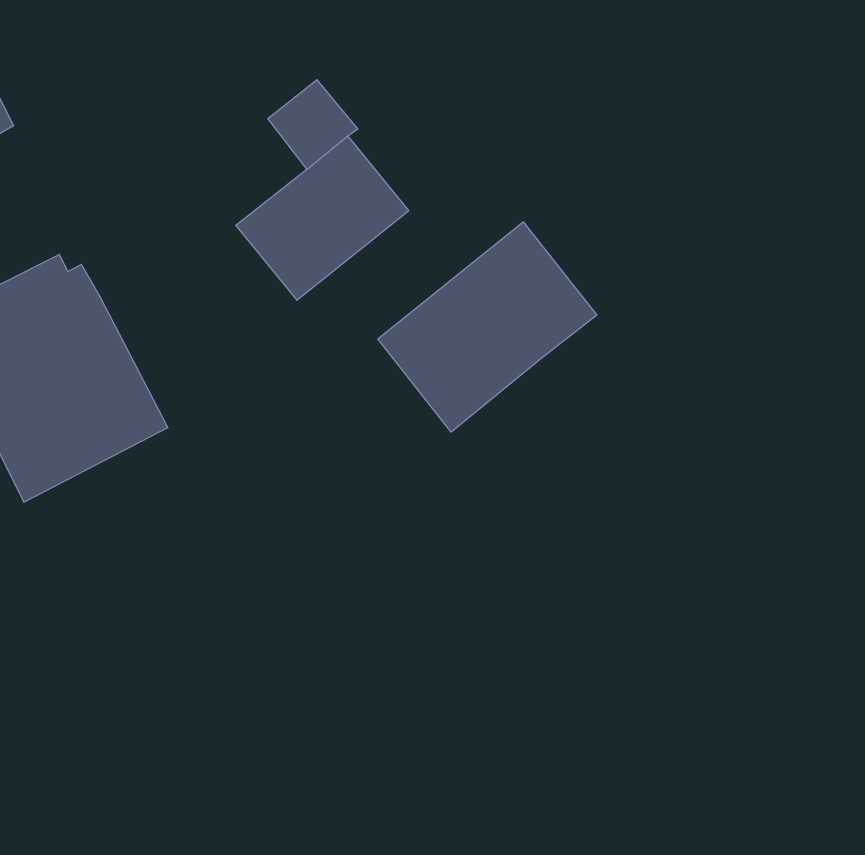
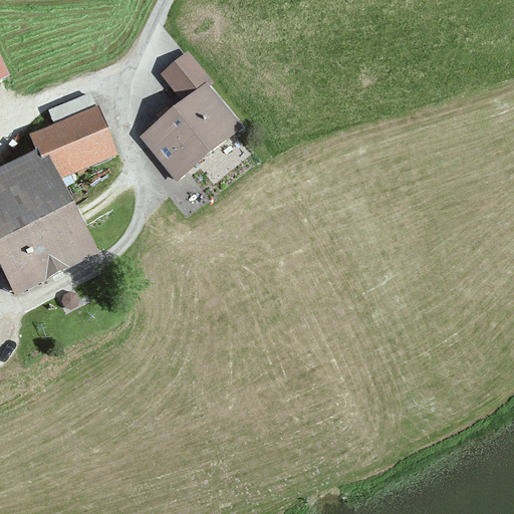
building: none -> [28,103,117,176]
building: [378,222,597,432] -> none

